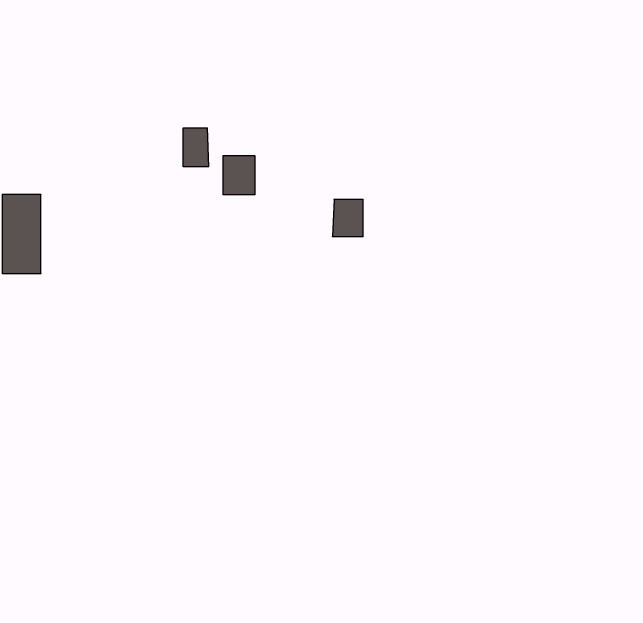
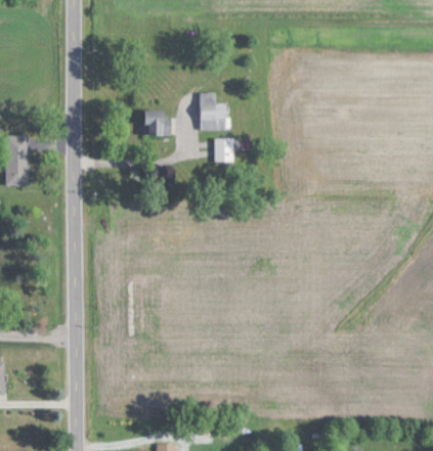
building: [183,128,209,167] -> none
building: none -> [202,94,227,131]

